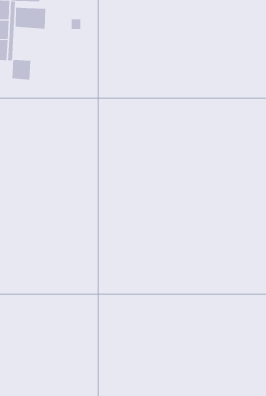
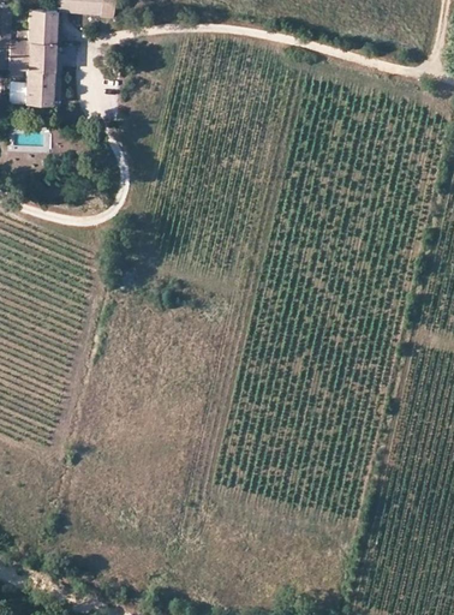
building: [15,7,46,29] -> none
building: [12,59,31,81] -> none

